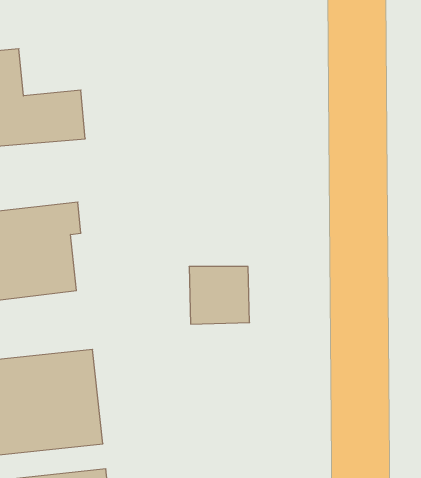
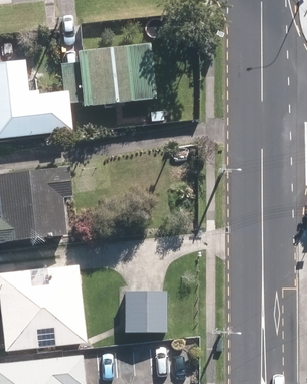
building: none -> [86,48,155,104]
building: [189,267,250,324] -> [121,293,162,332]

